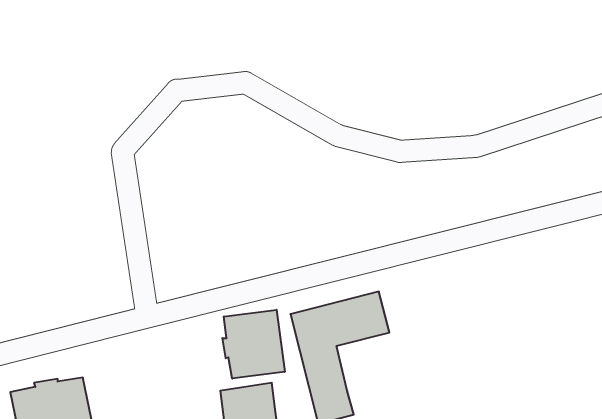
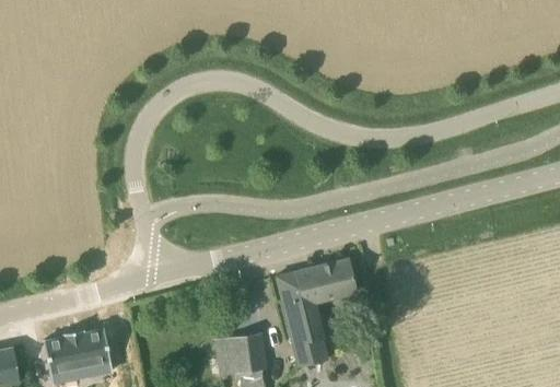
building: [222,310,285,379] -> none

